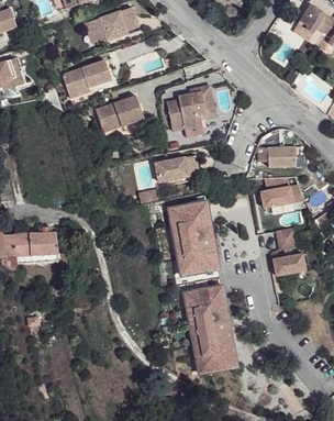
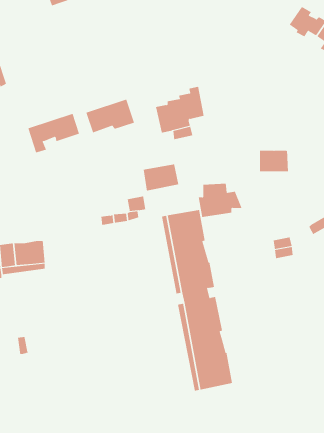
building: [85,5,143,44] -> none
building: [65,59,115,98] -> [27,113,80,153]
building: [259,177,302,210] -> [198,183,242,218]
building: [275,254,308,276] -> none

